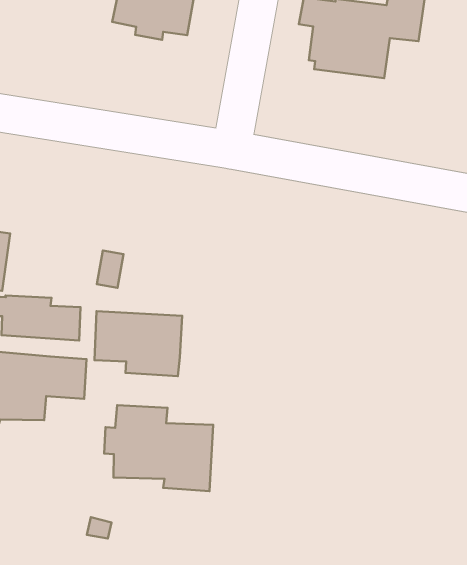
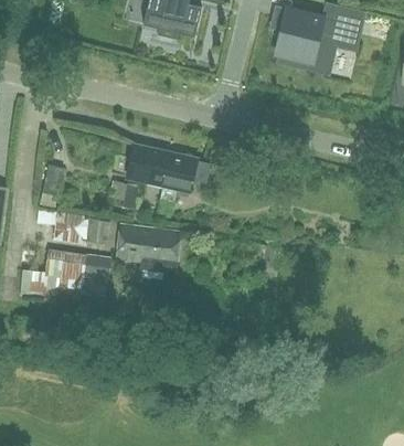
building: none -> [124,144,209,201]
building: [104,405,213,491] -> none

